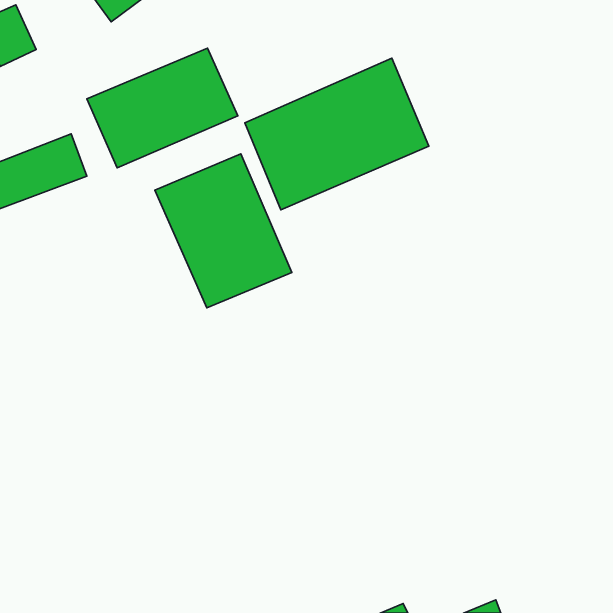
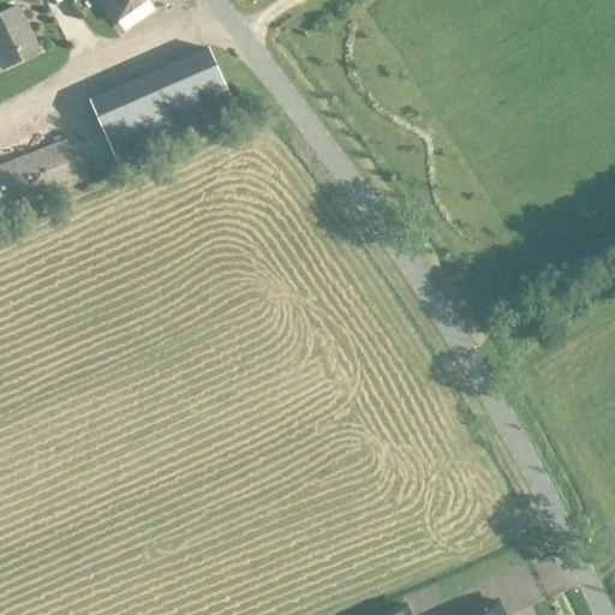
building: [245,58,429,210] -> none
building: [155,154,292,308] -> none

